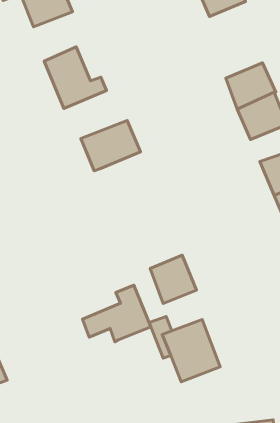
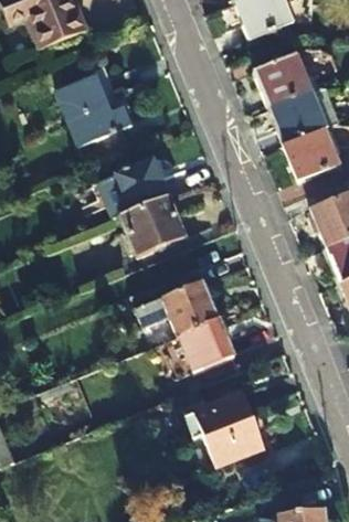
building: none -> [253,53,313,110]
building: none -> [123,196,187,256]
building: [83,285,151,342] -> [139,268,219,334]

